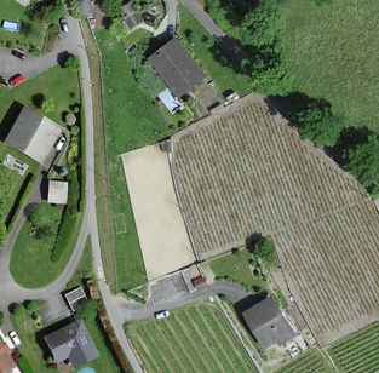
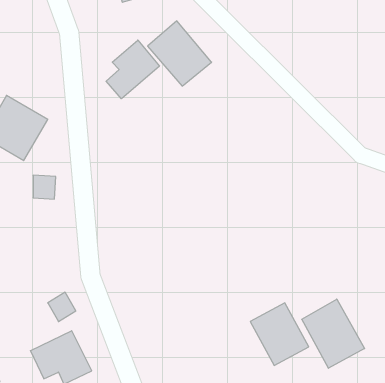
building: none -> [106,40,159,99]
building: none -> [302,299,365,368]

